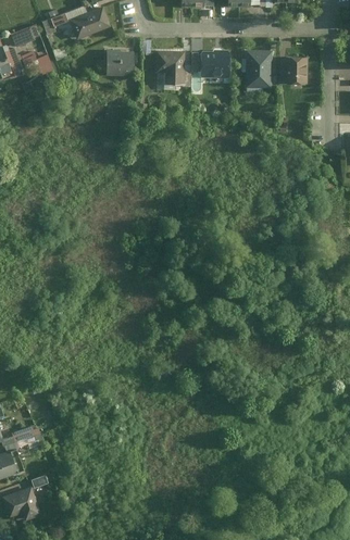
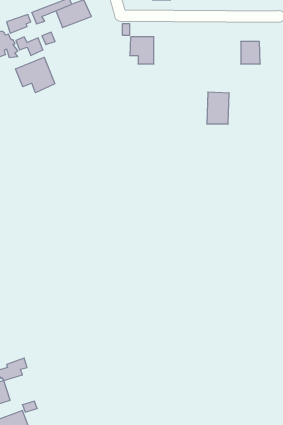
building: [107,49,134,74] -> none
building: [199,49,229,77] -> none
building: [246,49,272,86] -> [207,92,229,124]
building: none -> [16,57,55,93]

